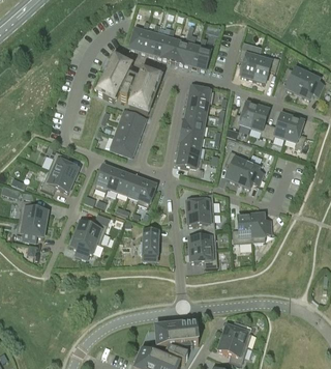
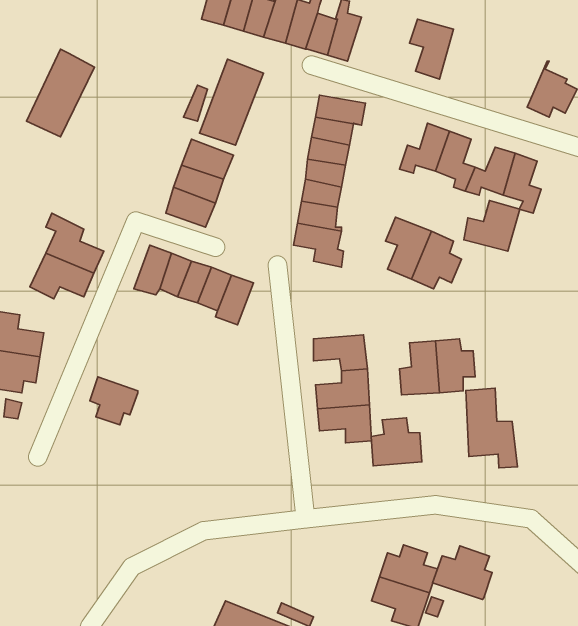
building: [252,53,279,82] -> none
building: [96,55,131,101] -> [26,49,94,137]
building: [282,63,308,93] -> none
building: none -> [464,201,520,251]
building: [186,193,213,214] -> none
building: [76,212,110,243] -> none
building: [140,230,157,260] -> none
building: none -> [466,388,517,468]
building: none -> [371,418,422,466]
building: none -> [433,546,492,600]
building: [154,322,198,347] -> none

